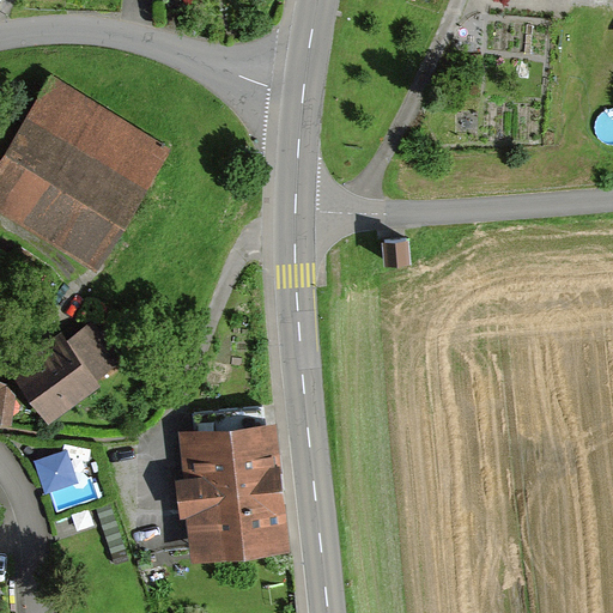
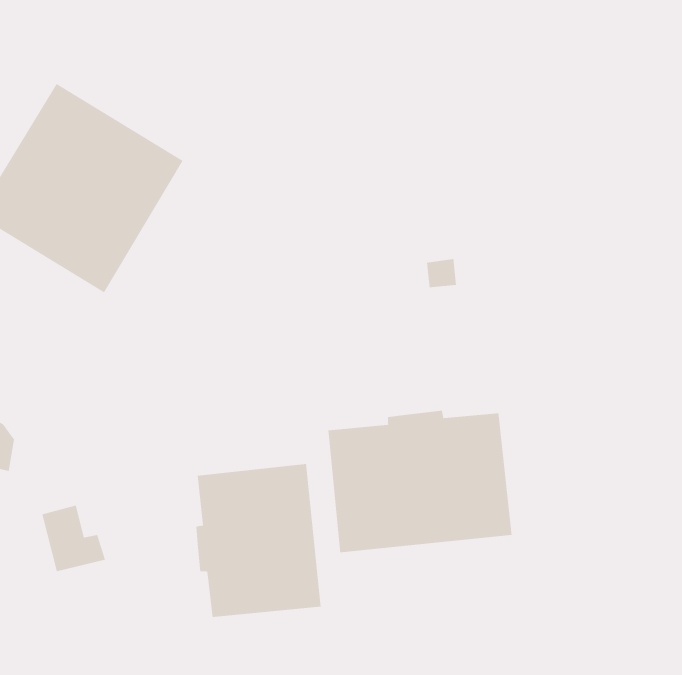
building: [13,323,122,423] -> none
building: none -> [328,410,512,553]

